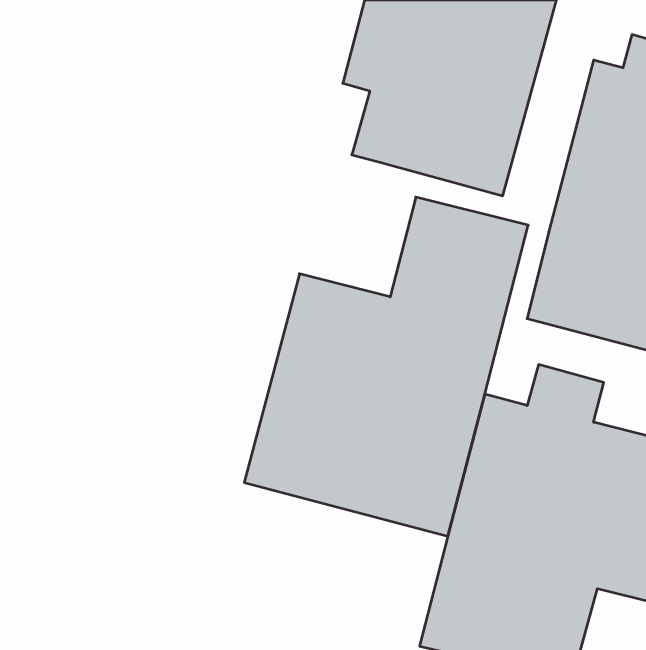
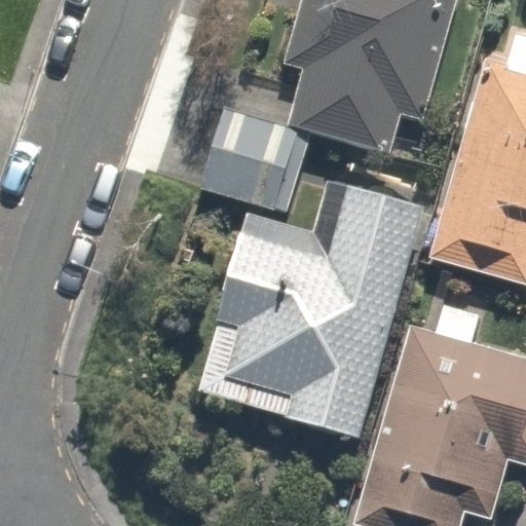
building: none -> [193,107,308,213]

